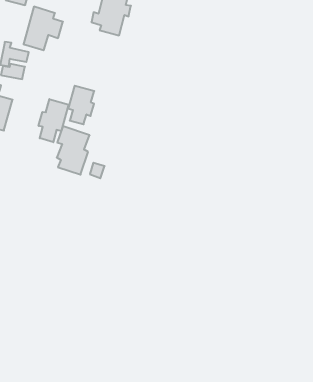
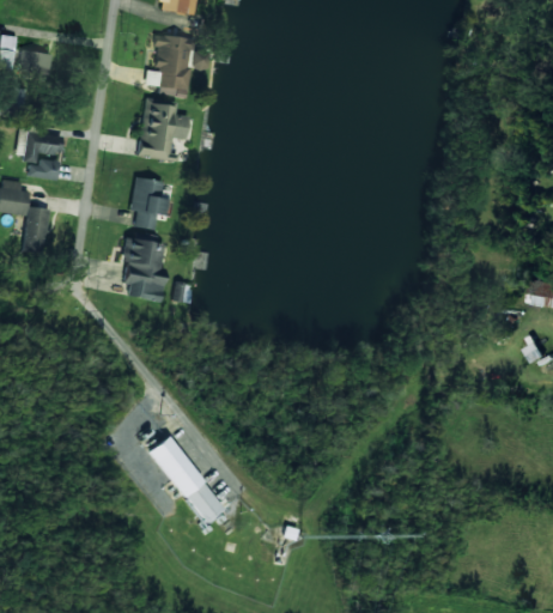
building: [23,7,63,50] -> [139,101,190,160]
building: [39,99,68,142] -> none
building: none -> [150,436,225,523]

